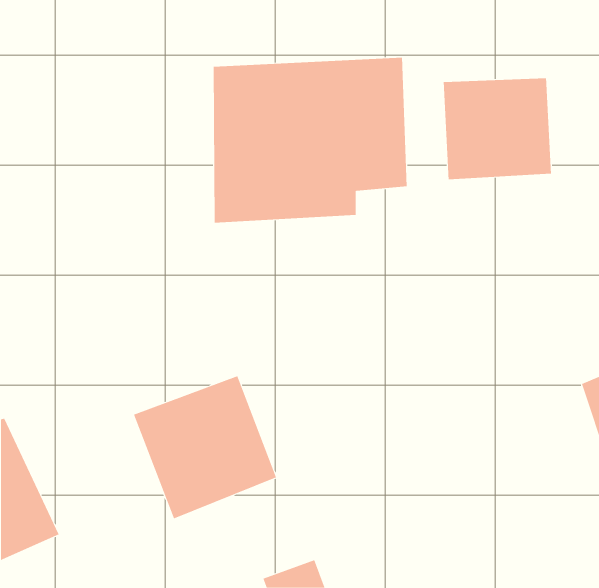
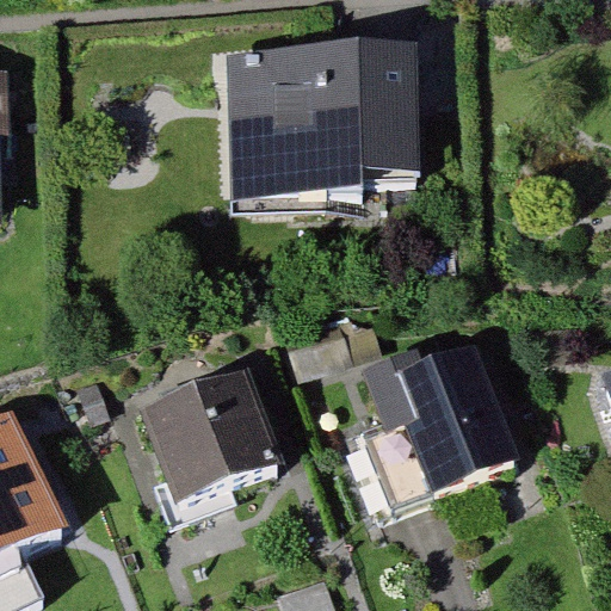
building: [443,78,551,180] -> none
building: none -> [360,339,521,494]

